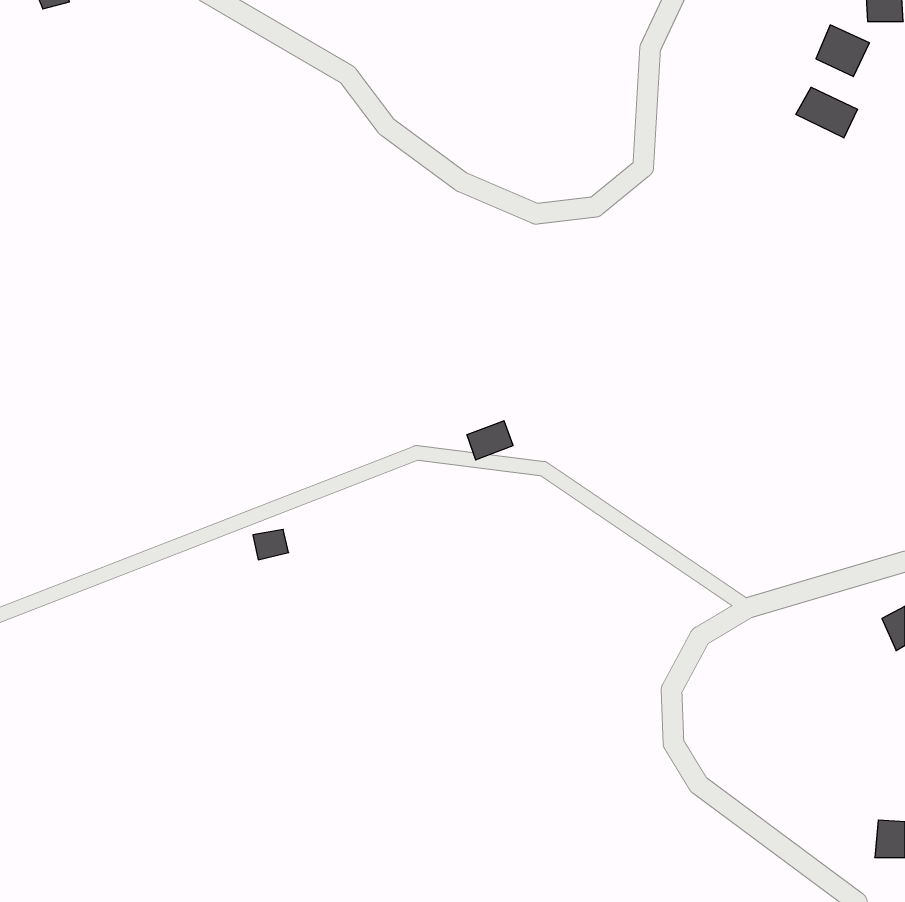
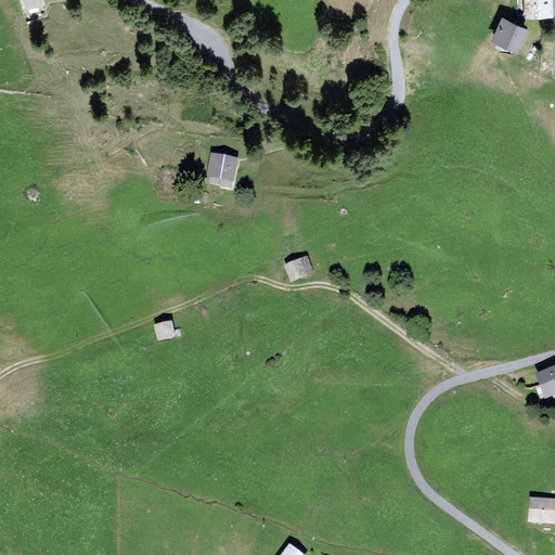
building: [796,87,858,138] -> none
building: none -> [206,154,238,184]

